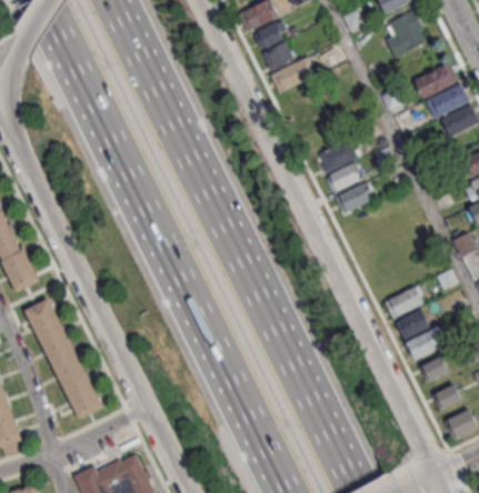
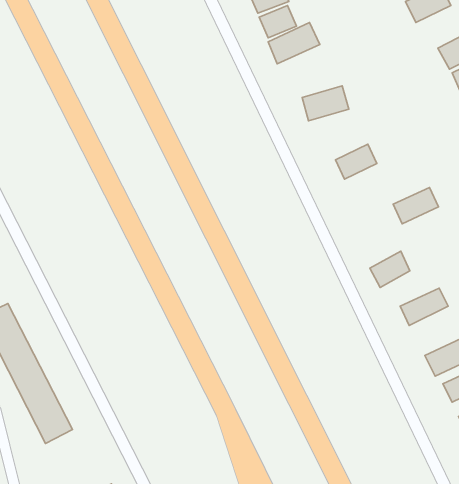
building: [317,142,357,172] -> [302,86,349,121]
building: [335,182,373,213] -> [393,187,439,224]
building: [395,309,429,340] -> [370,251,410,288]

